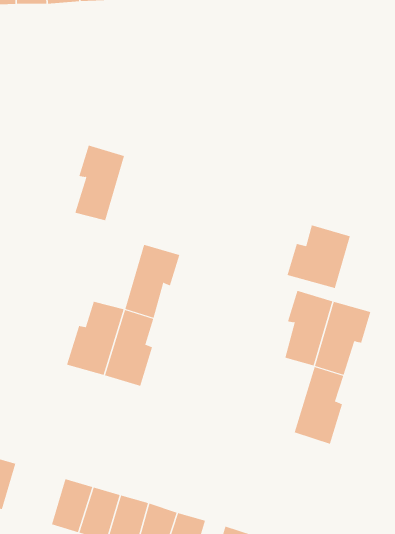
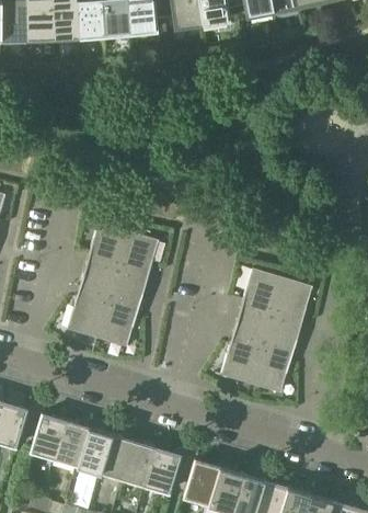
building: [75,145,125,221] -> [89,225,129,286]
building: [287,225,351,289] -> none
building: none -> [221,326,267,386]
building: none -> [31,415,66,460]

